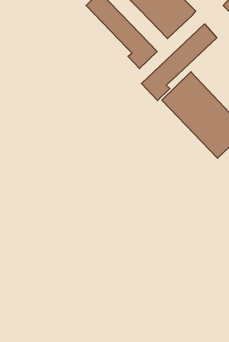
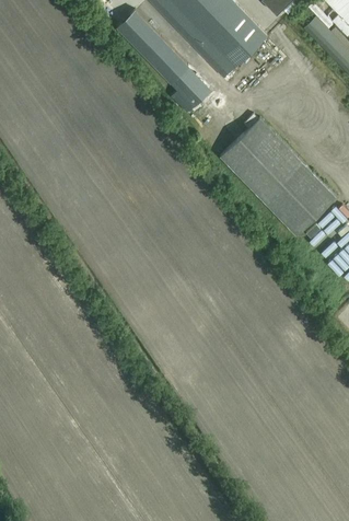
building: [141,24,217,101] -> none

